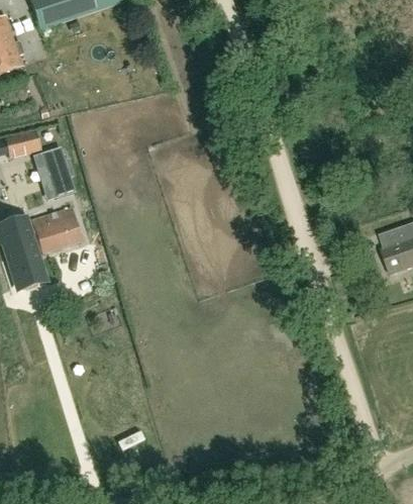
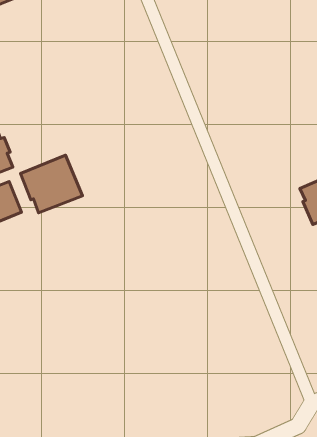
building: none -> [20,155,82,213]

